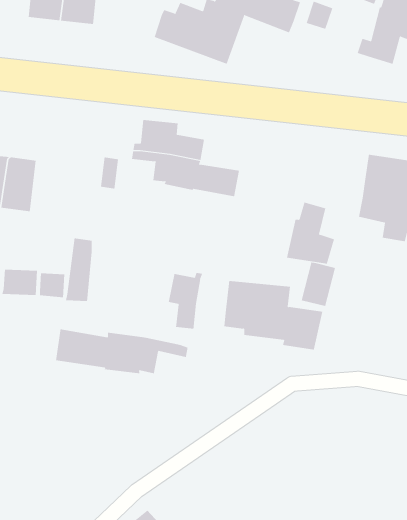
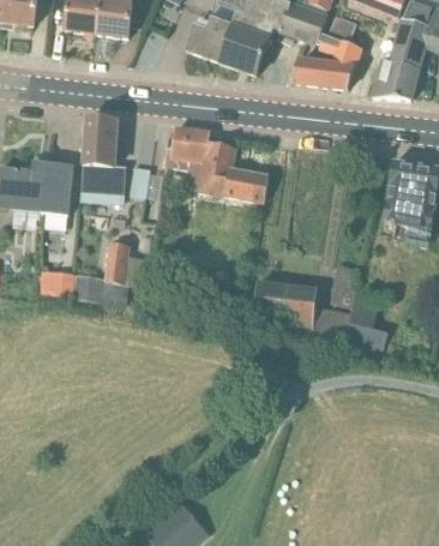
building: none -> [293,31,361,86]
building: none -> [373,62,416,97]
building: none -> [83,118,128,190]
building: [286,202,335,264] -> [341,294,387,354]
building: [168,272,203,330] -> none
building: [56,328,188,374] -> none

